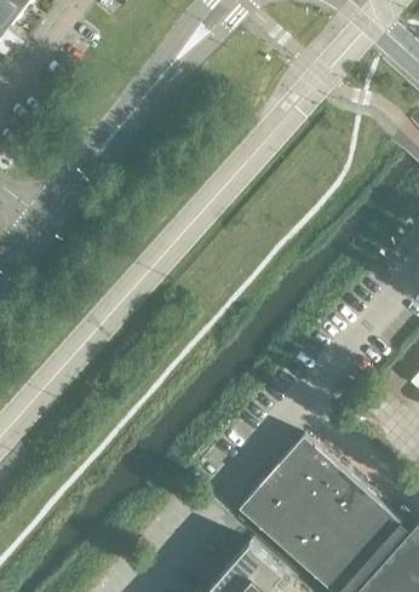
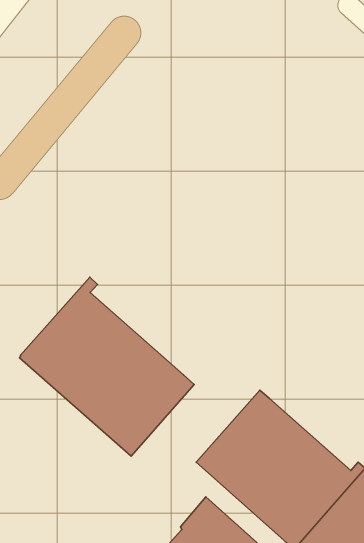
building: none -> [20,277,194,456]

